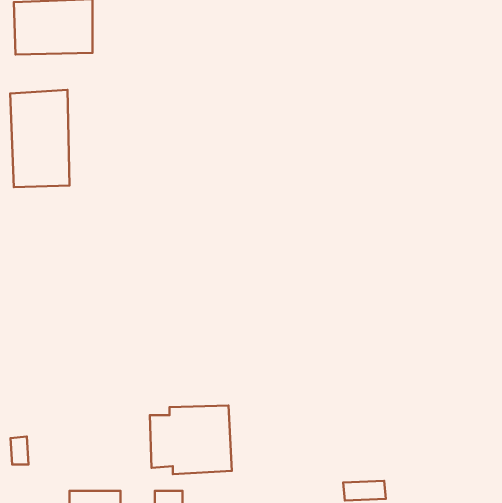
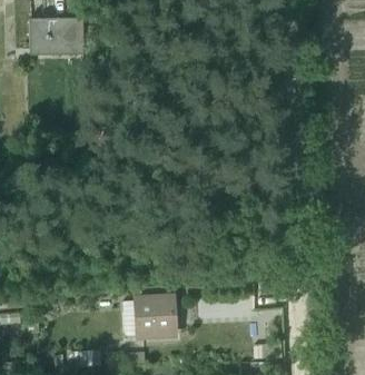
building: [10,90,70,187] -> none

